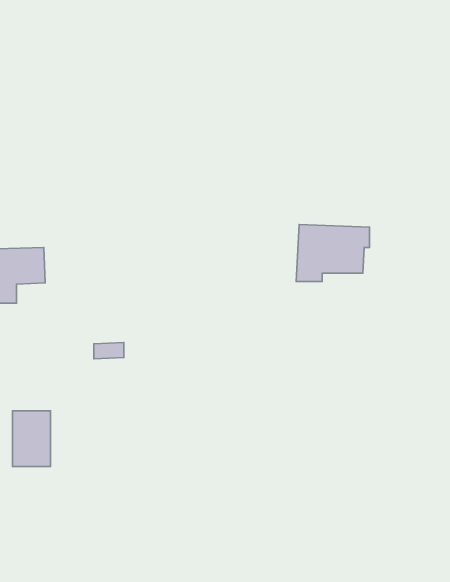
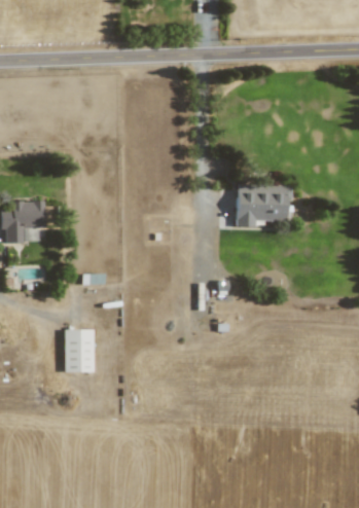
building: [12,411,51,466] -> [65,330,94,372]

